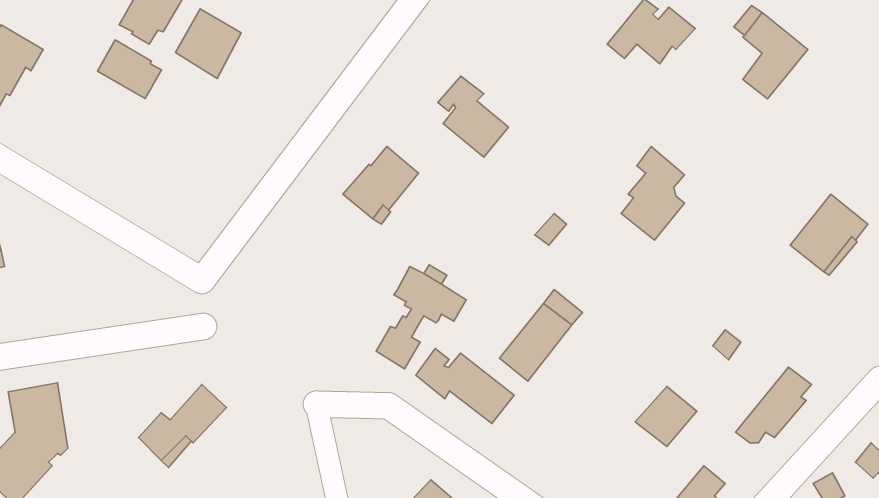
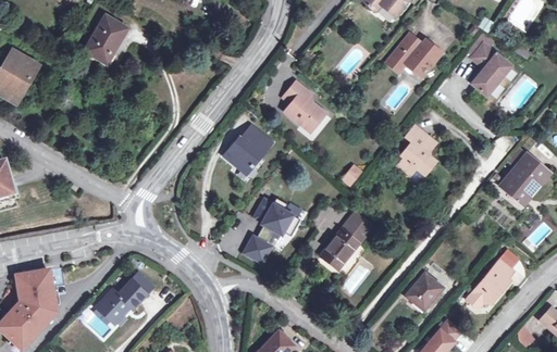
building: [175,9,241,79] -> none
building: [98,40,162,98] -> none
building: [416,349,514,424] -> none

